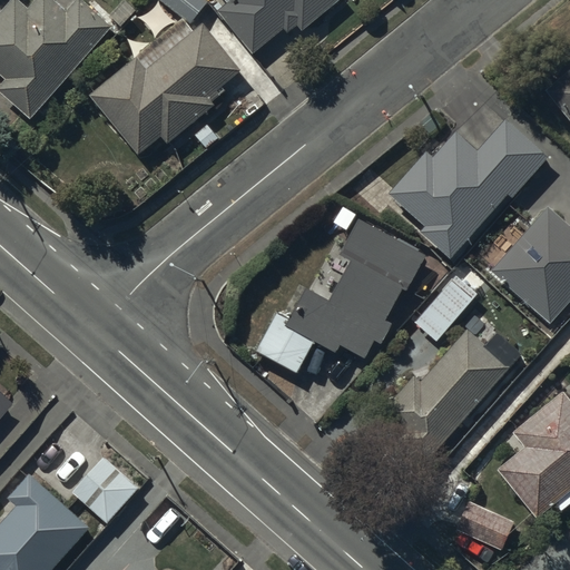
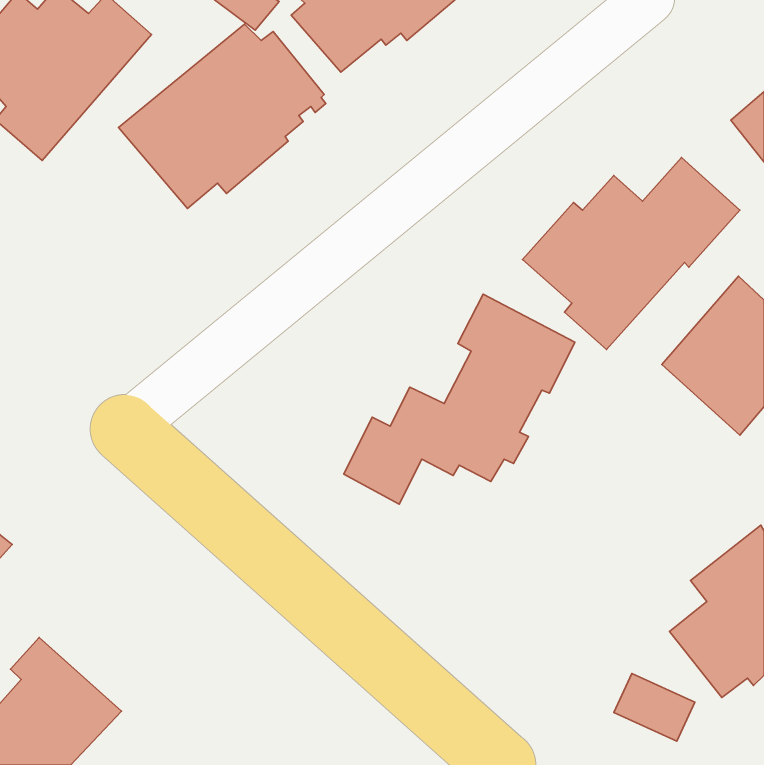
building: [414,273,478,342] -> none
building: [380,330,522,458] -> none
building: [71,455,139,523] -> none

